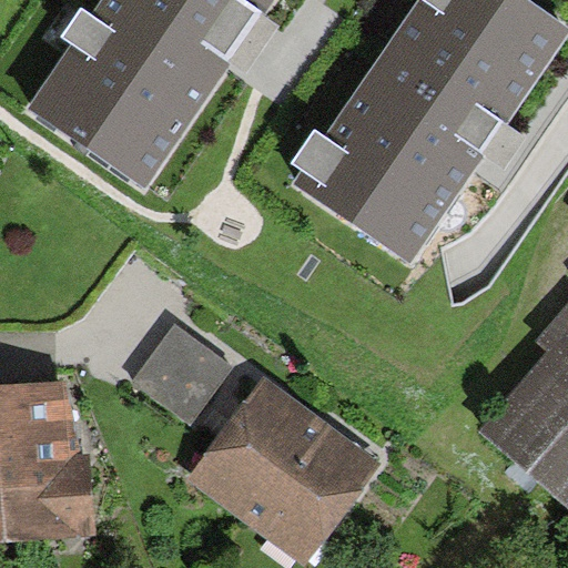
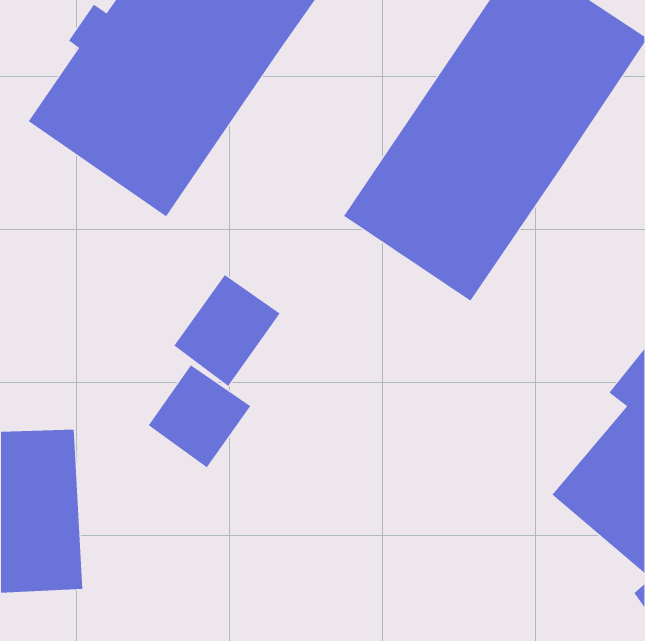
building: none -> [173,274,281,387]
building: [186,375,367,550] -> none

